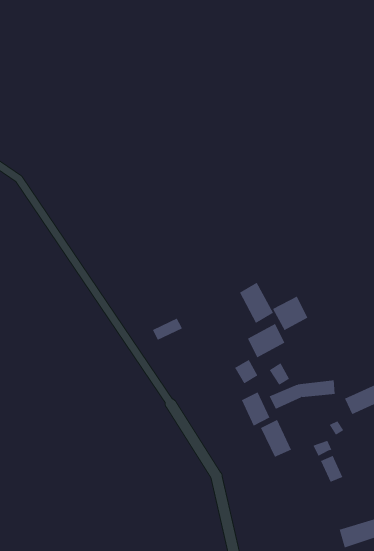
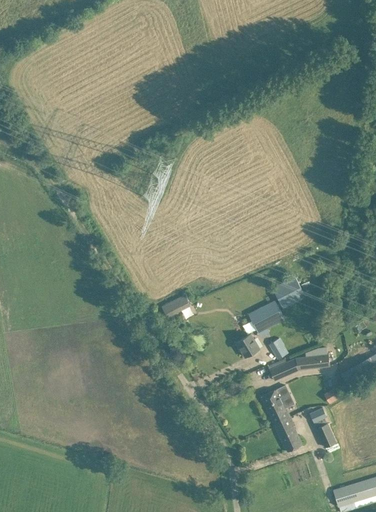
building: [239,282,274,324] -> none
building: [241,391,270,426] -> none
building: none -> [274,417,302,452]

